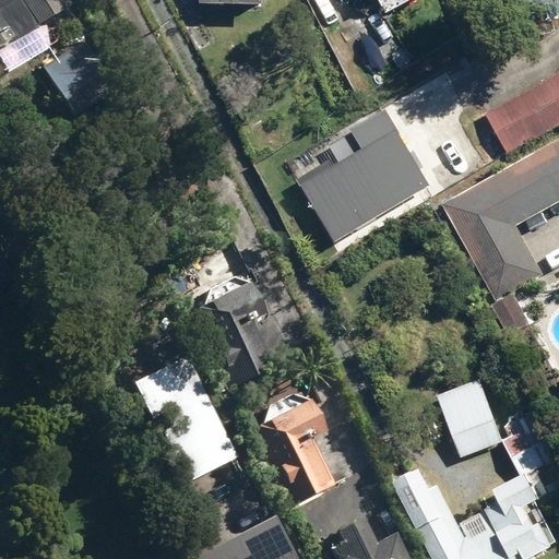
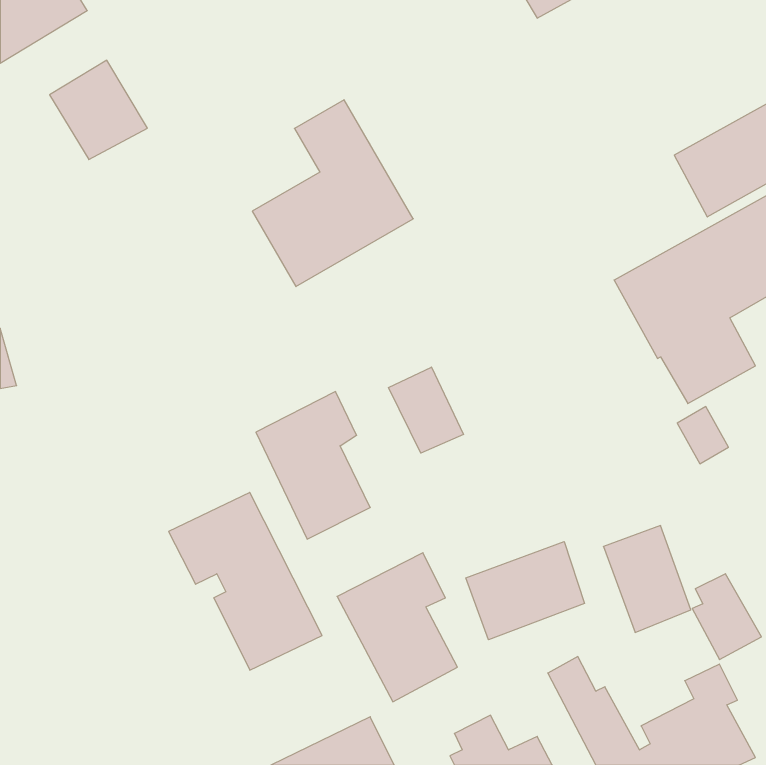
building: [305,93,421,228] -> [252,100,413,287]
building: none -> [389,367,464,453]
building: none -> [466,542,584,640]

